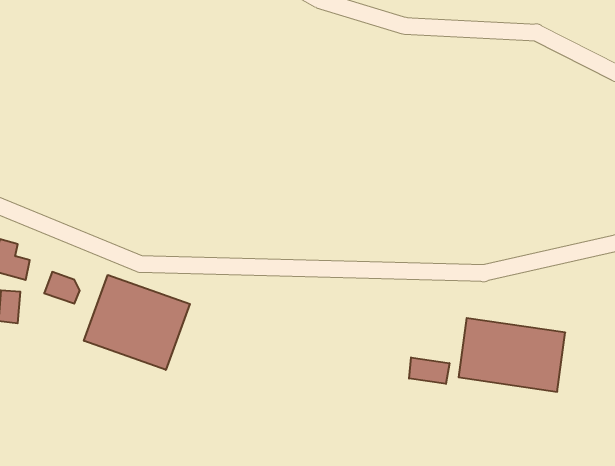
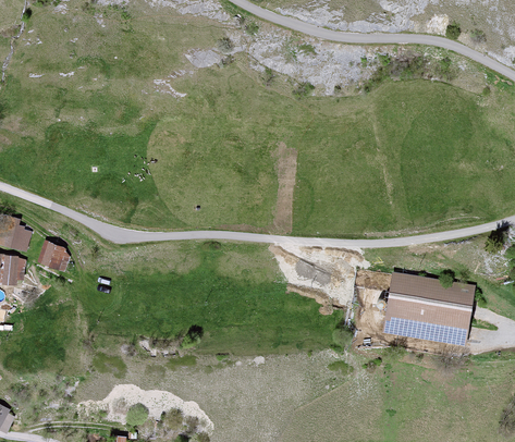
building: [84,275,190,370] -> none
building: [409,357,449,384] -> none

